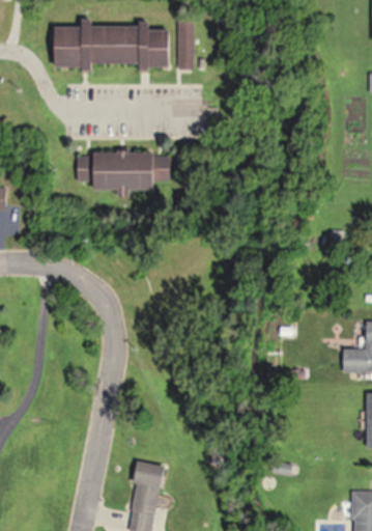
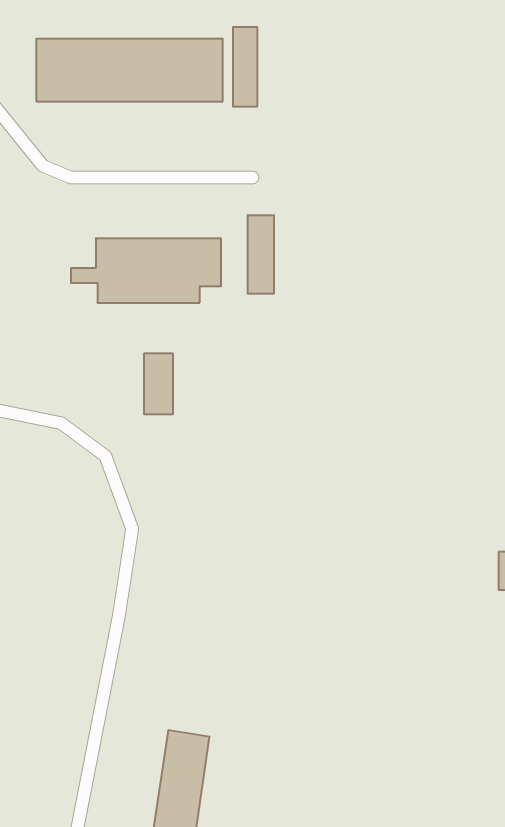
building: none -> [248,215,274,294]
building: none -> [144,353,173,414]

